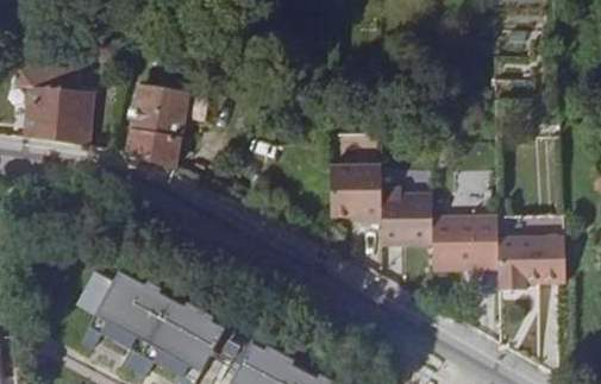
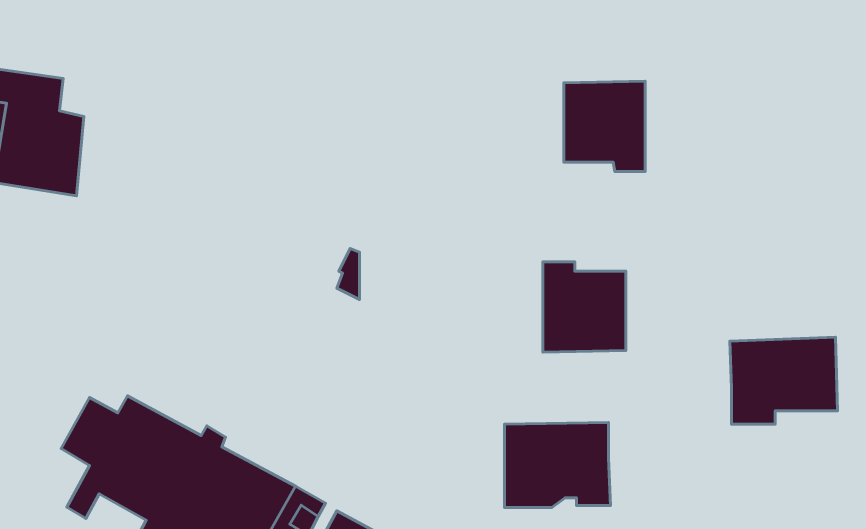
building: [129,82,196,165] -> none
building: [330,162,381,219] -> [564,81,645,172]
building: [433,213,500,266] -> [505,422,610,507]

